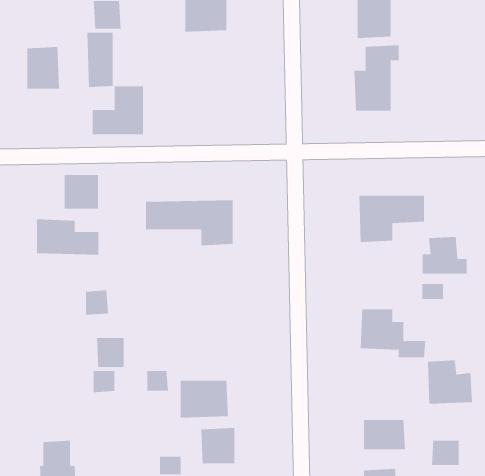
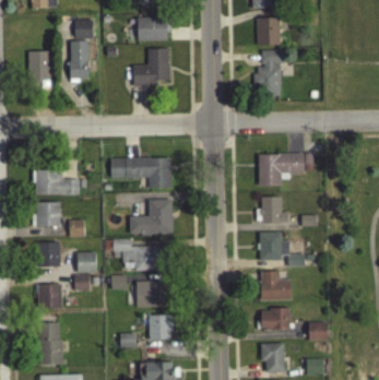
building: [92,86,144,135] -> [133,49,169,83]
building: [64,174,99,209] -> [36,202,60,226]
building: [422,236,468,274] -> [257,197,288,223]
building: none -> [130,200,173,234]
building: none -> [112,239,166,271]
building: none -> [36,242,61,266]
building: [427,360,473,404] -> [260,271,292,301]
building: none -> [37,284,62,309]

